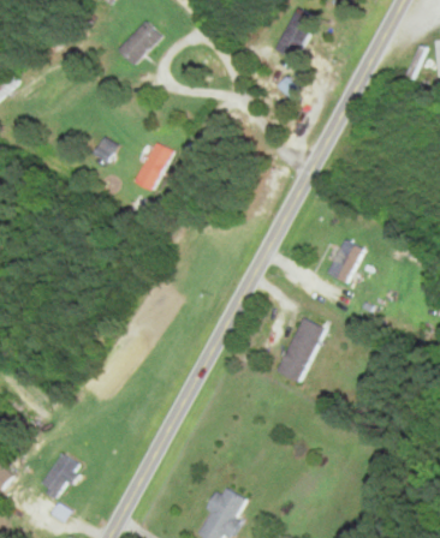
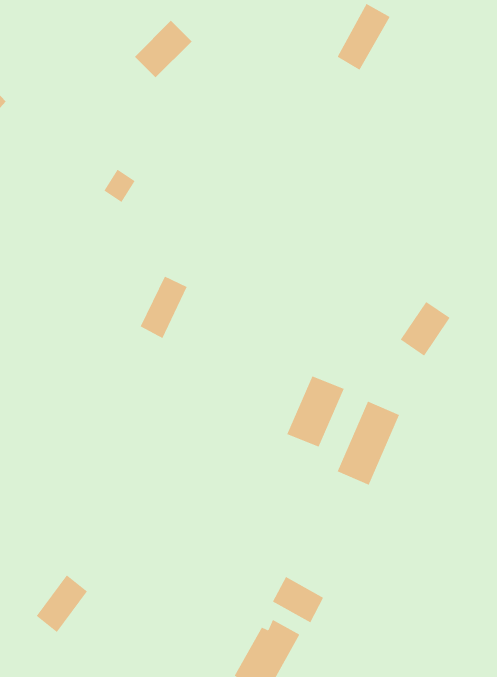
building: [135,142,172,191] -> [140,276,187,339]
building: none -> [287,376,344,447]
building: none -> [272,576,324,623]

